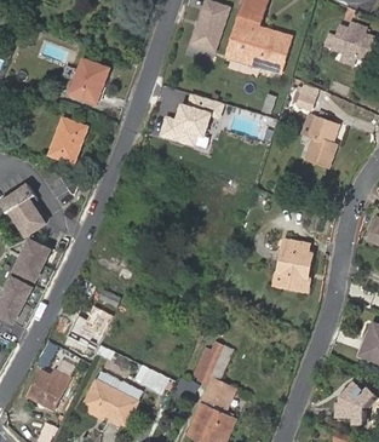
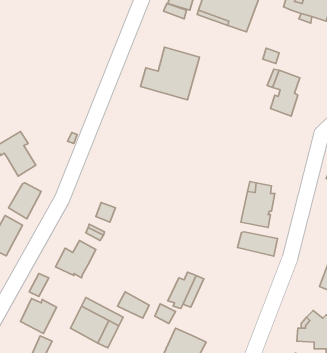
building: [64,58,110,103] -> none
building: [48,116,87,163] -> none
building: none -> [238,232,277,256]
building: [200,378,232,413] -> none

